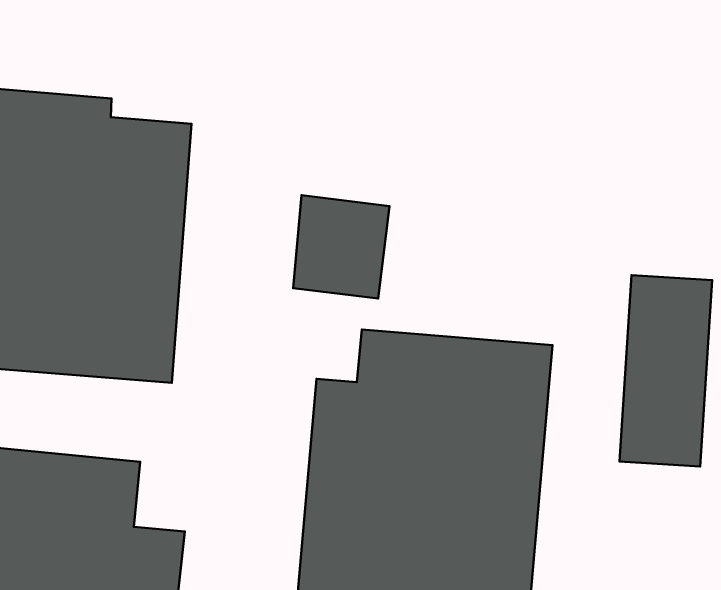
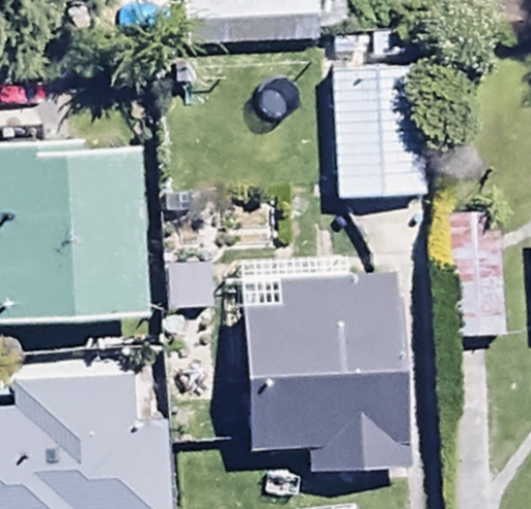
building: none -> [335,64,426,195]

